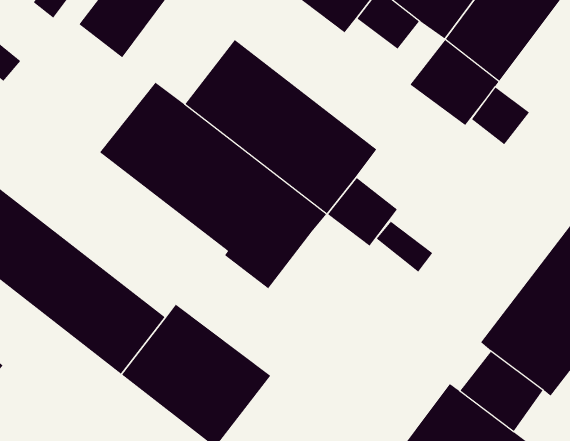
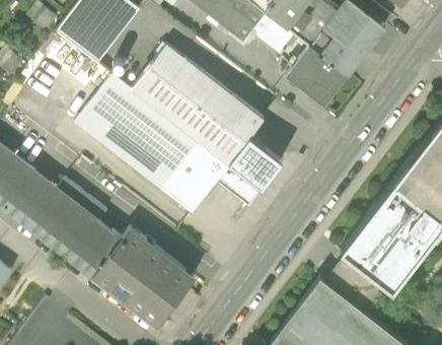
building: [471,87,530,145] -> none
building: [376,221,433,272] -> [224,165,264,201]

